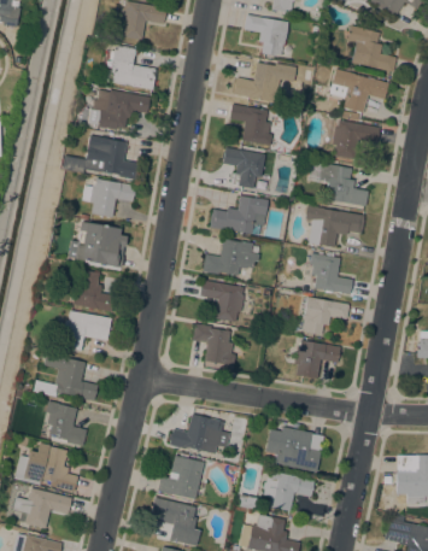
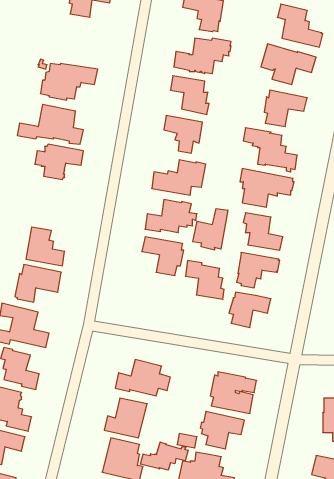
building: [110,45,157,90] -> none
building: [75,221,127,268] -> none
building: none -> [193,209,228,250]
building: [193,323,235,365] -> [185,261,224,299]
building: none -> [140,442,188,470]

